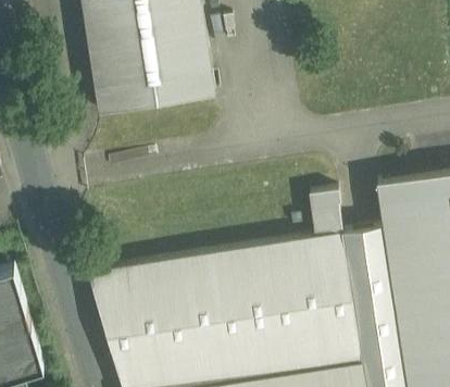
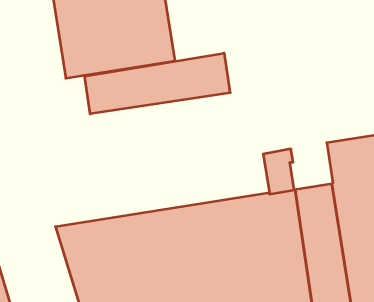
building: none -> [84,53,230,114]

